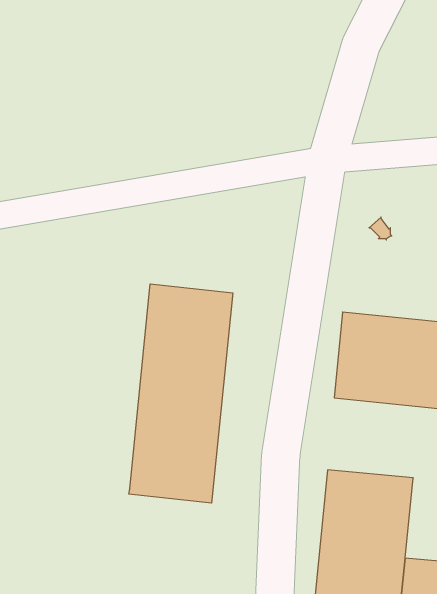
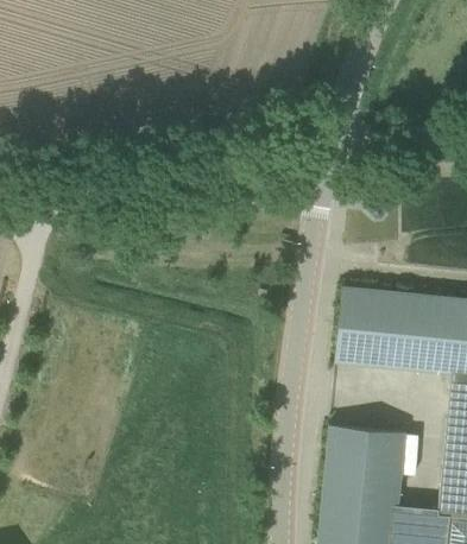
building: [129,284,233,503] -> none

